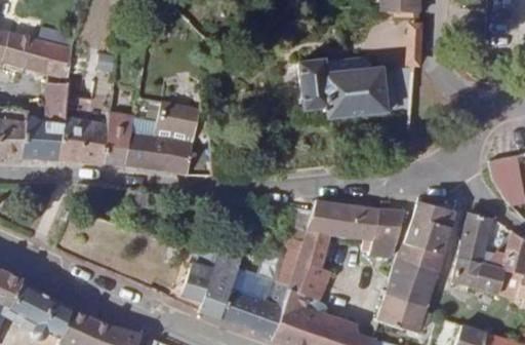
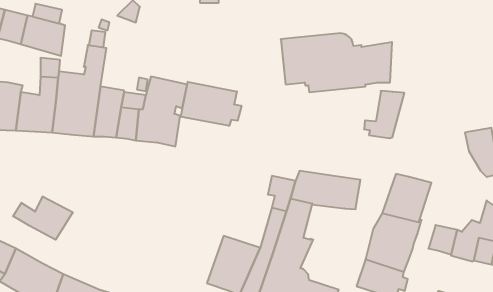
building: none -> [181,82,241,126]
building: [363,209,405,259] -> [364,91,404,138]
building: [458,214,492,263] -> none
building: none -> [13,196,73,240]
building: [180,248,241,320] -> none

